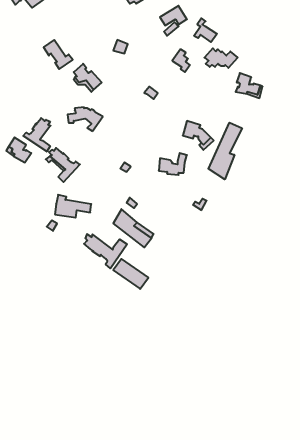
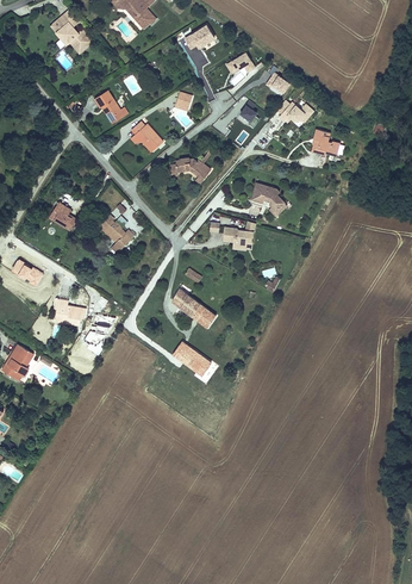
building: [68,107,103,131] -> [170,156,211,184]
building: [23,118,51,152] -> none
building: [208,123,242,179] -> none
building: [55,195,91,218] -> [55,298,96,324]
building: [84,234,127,268] -> none

